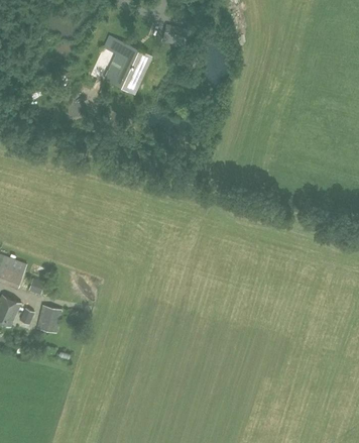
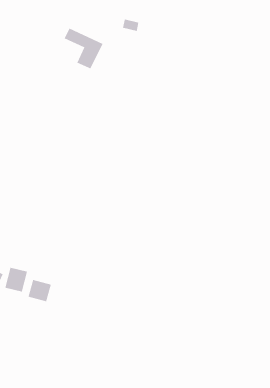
building: none -> [28,279,51,302]

